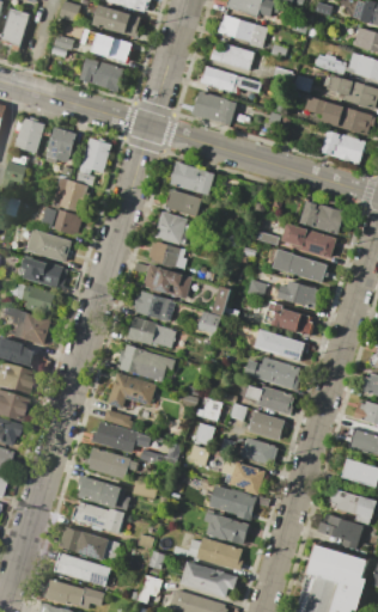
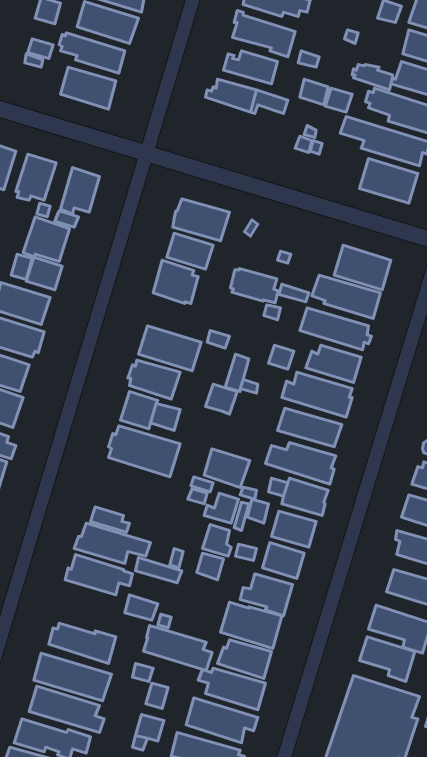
building: [193,90,238,127] -> none
building: [148,241,187,269] -> [230,268,278,303]
building: none -> [204,449,250,488]
building: [108,373,157,411] -> none
building: [75,476,130,512] -> [143,626,212,670]

